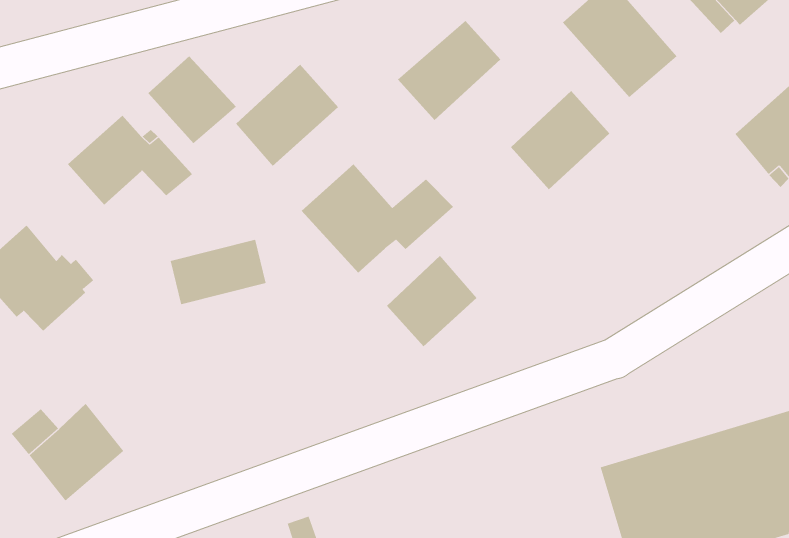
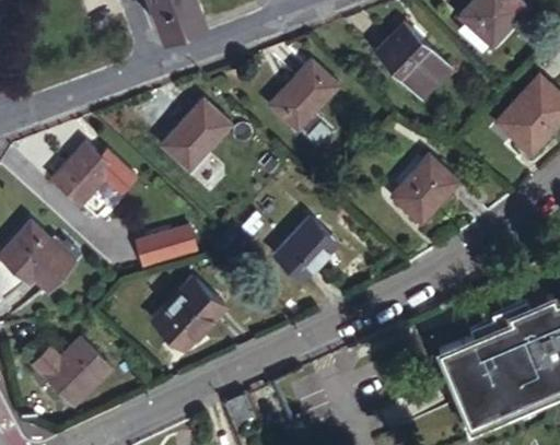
building: [147,56,237,144] -> none
building: [510,90,610,190] -> [393,154,458,222]
building: [301,164,454,273] -> none
building: none -> [156,281,224,352]

